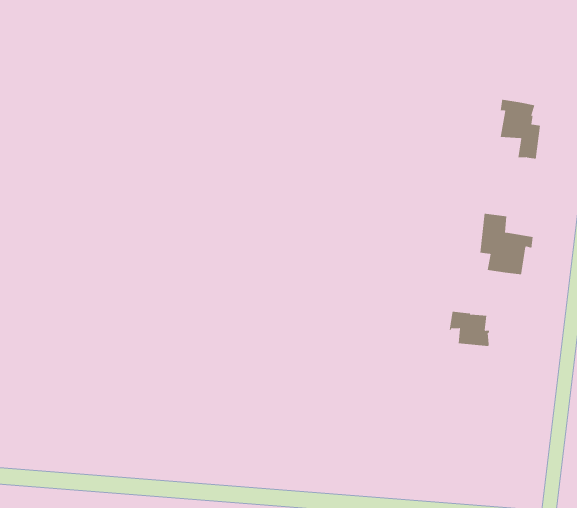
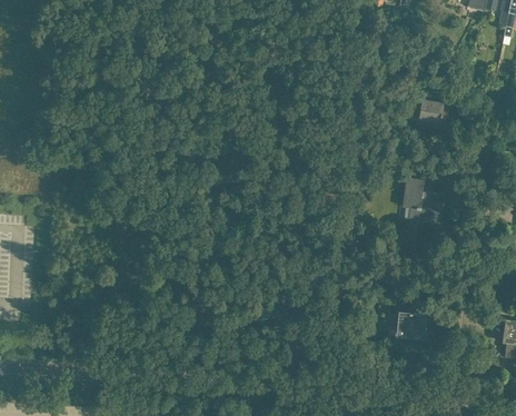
building: [449,311,490,348] -> [397,311,428,339]

